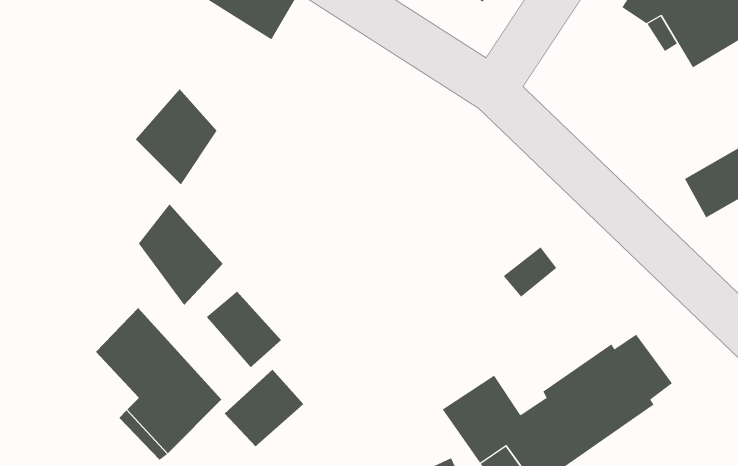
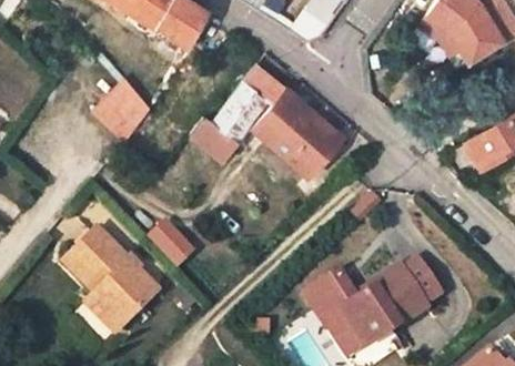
building: none -> [189,65,342,175]
building: [138,204,223,306] -> none
building: [224,369,304,447] -> none

